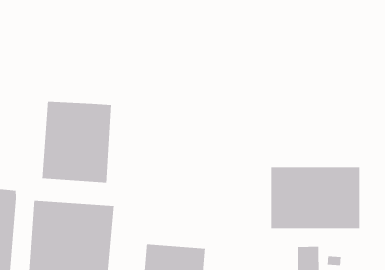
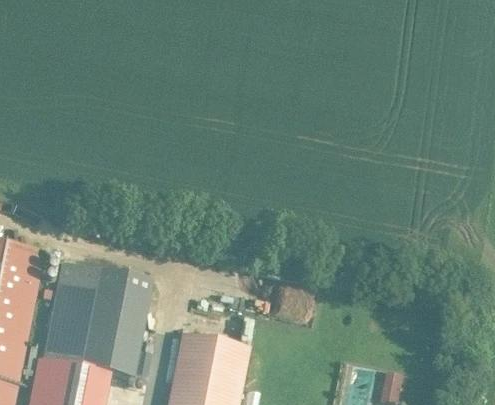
building: [42,101,112,183] -> none
building: [270,166,360,229] -> none

